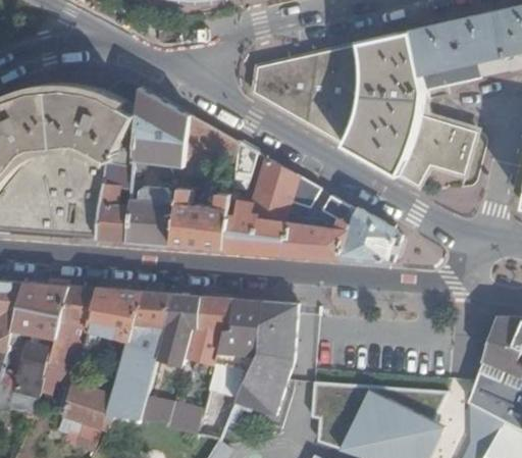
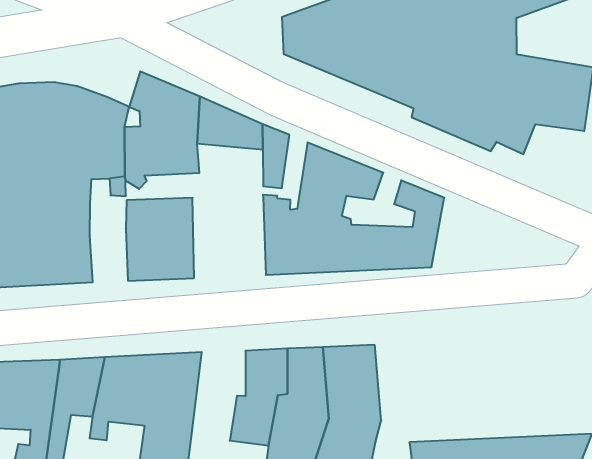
building: [101,183,129,242] -> none
building: [174,188,231,250] -> none
building: [347,210,405,263] -> none
building: [156,300,205,373] -> none

